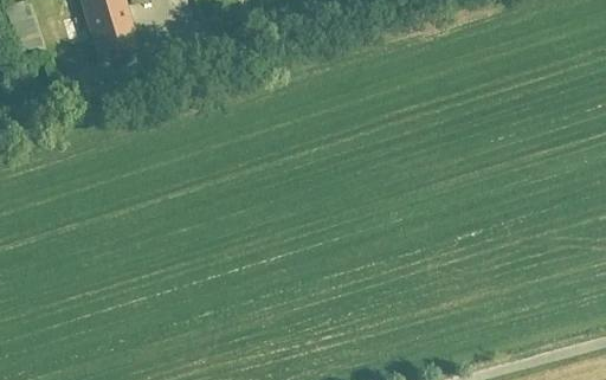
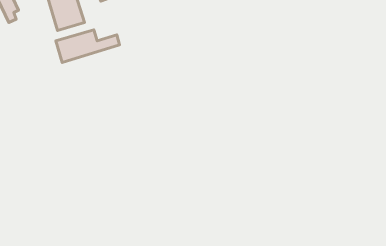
building: none -> [56,30,120,62]

